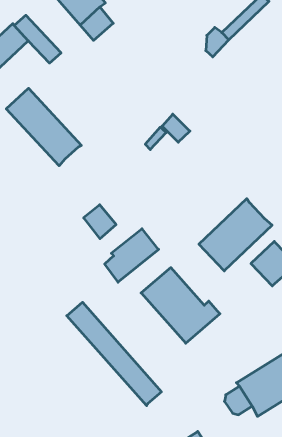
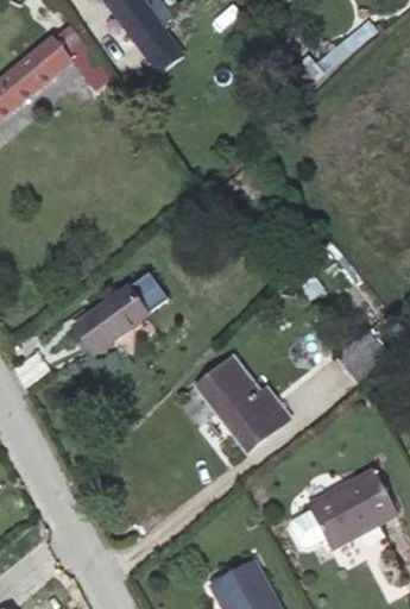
building: [6,88,81,166] -> none
building: [199,199,272,271] -> none
building: [105,229,159,282] -> [77,287,146,352]
building: [67,302,161,406] -> none

